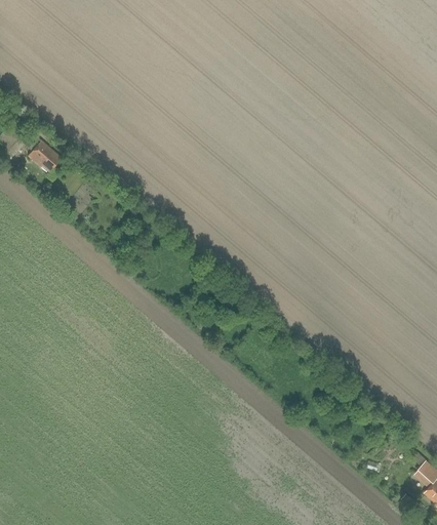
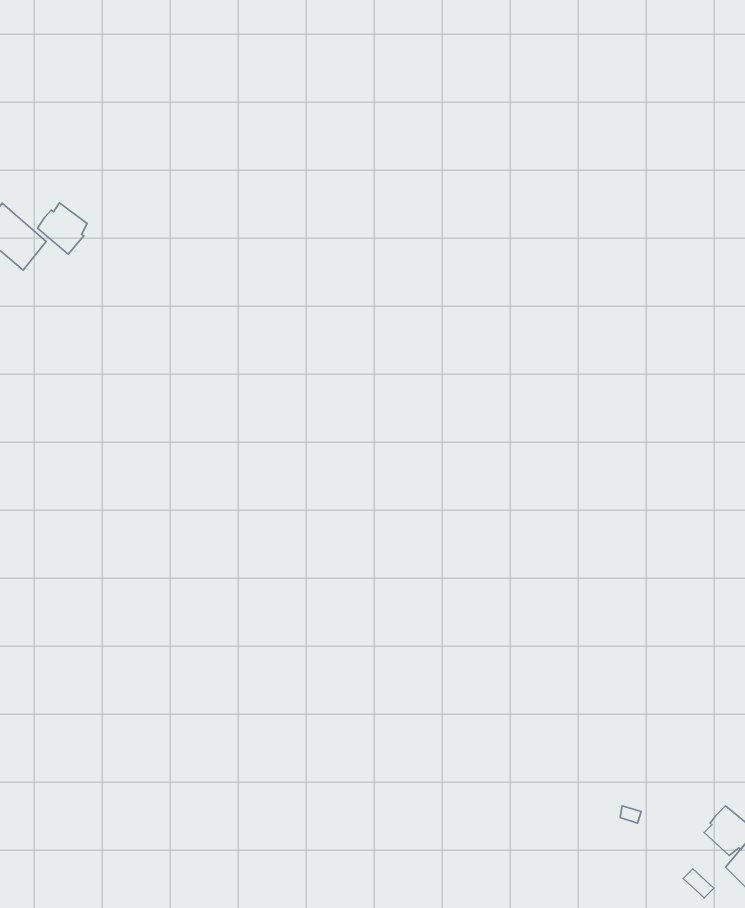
building: none -> [37,203,87,254]

